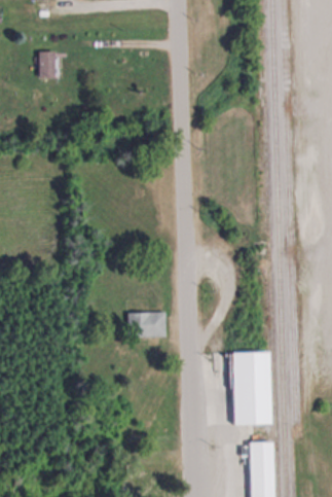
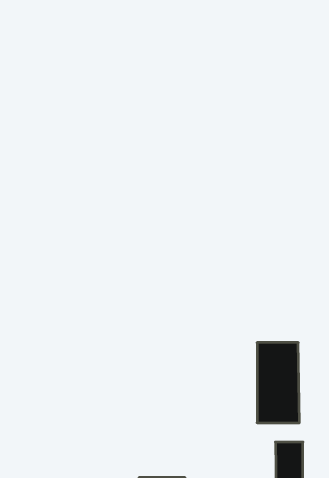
building: [39,51,54,77] -> none
building: [127,312,167,336] -> none

